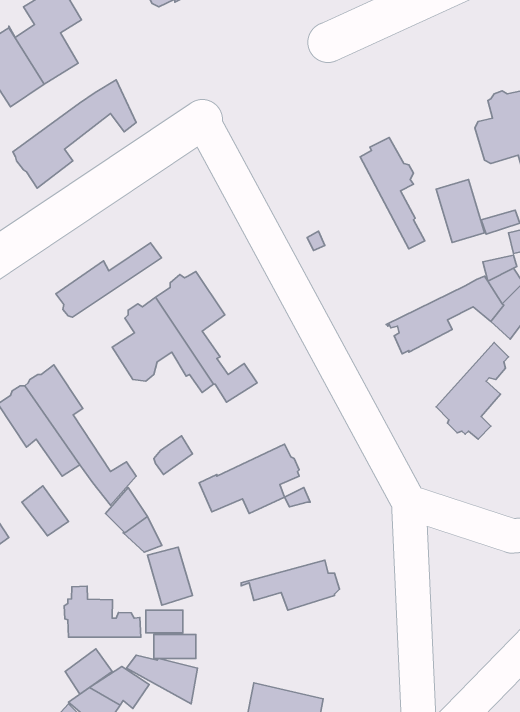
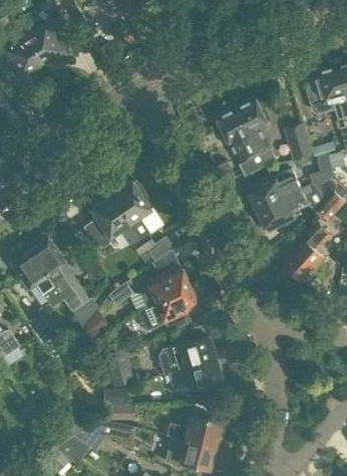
building: [13,80,136,188] -> none
building: none -> [216,108,267,176]
building: [56,243,162,317] -> none
building: none -> [245,175,302,213]
building: none -> [141,266,190,307]
building: none -> [157,335,215,374]
building: [64,586,141,637] -> none
building: none -> [165,416,223,446]

